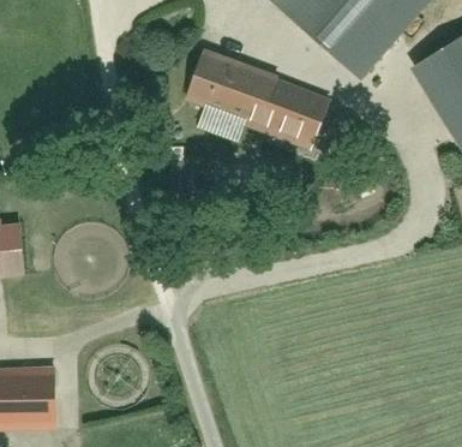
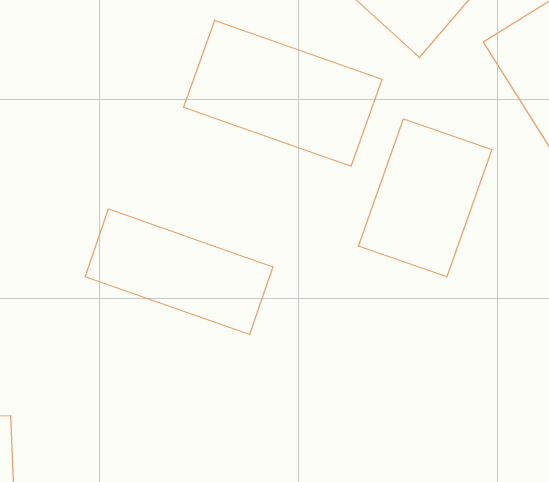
building: none -> [359,119,492,277]
building: none -> [85,209,273,335]

